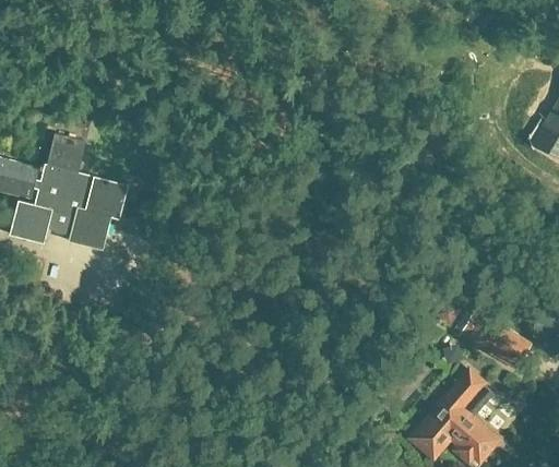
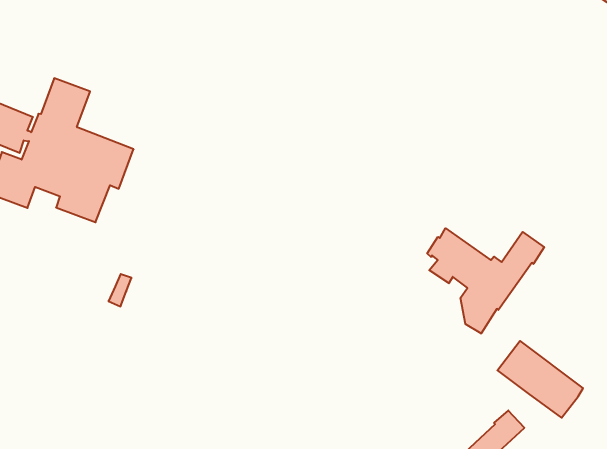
building: none -> [427,228,544,334]

